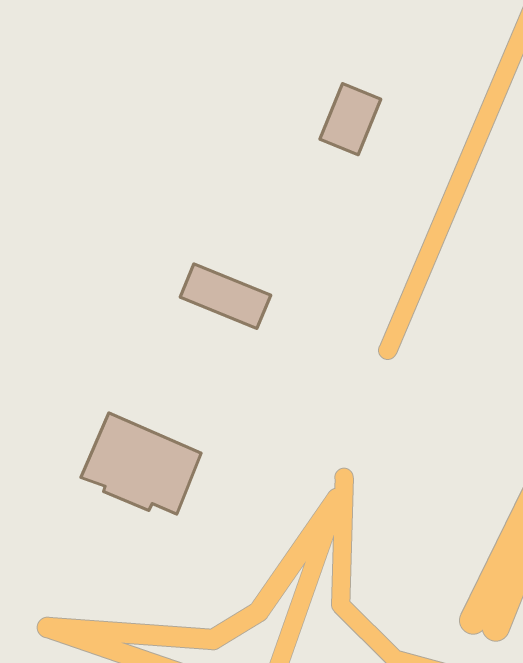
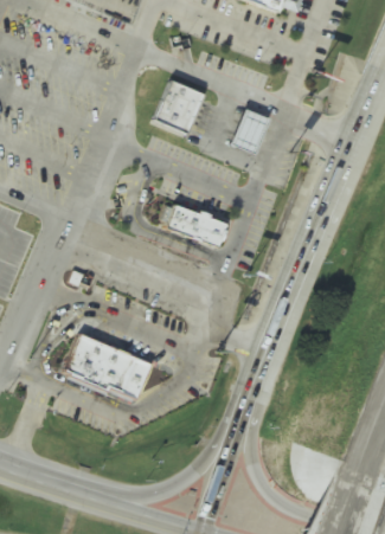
building: none -> [155,81,205,135]
building: [180,264,271,328] -> [166,202,227,246]

